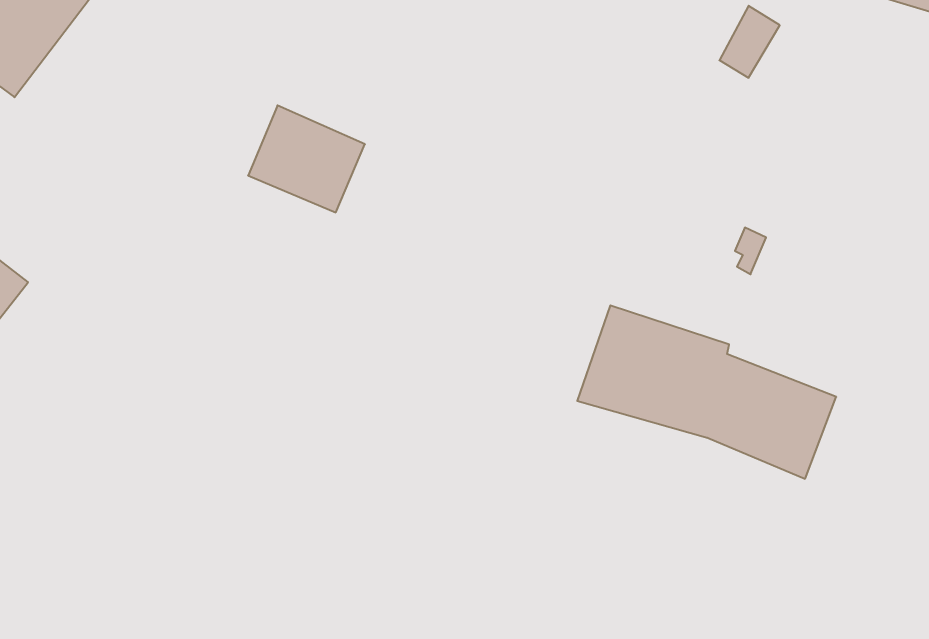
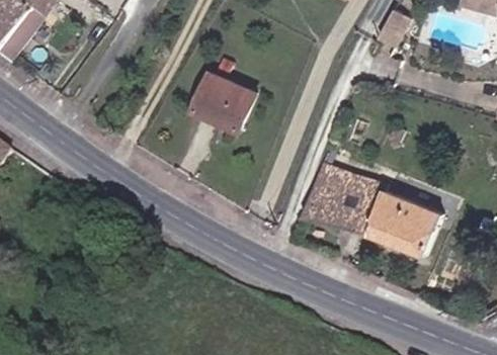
building: [248,105,365,212] -> [193,74,254,129]

